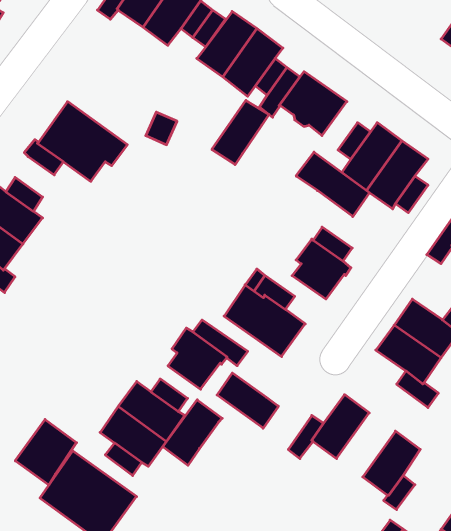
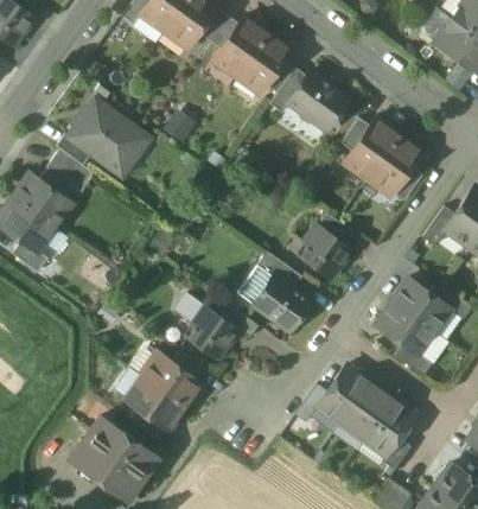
building: [212,100,269,165] -> none
building: [296,152,369,217] -> none
building: none -> [45,149,93,193]
building: [217,373,278,428] -> none
building: [163,400,222,465] -> none
building: none -> [338,382,391,440]
building: [15,419,77,485] -> none

